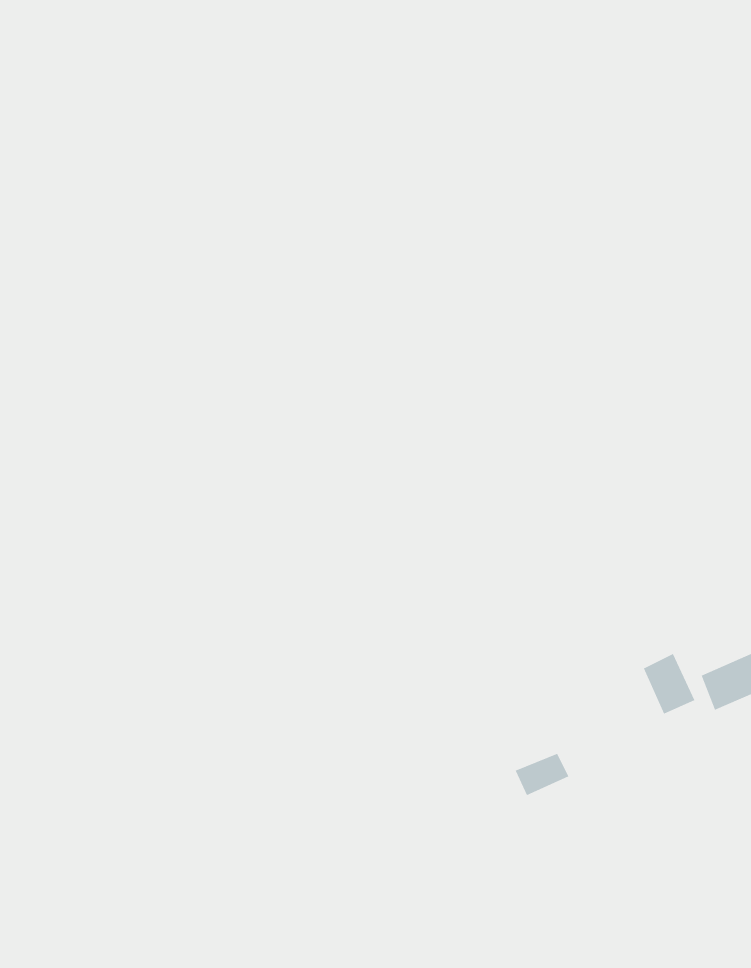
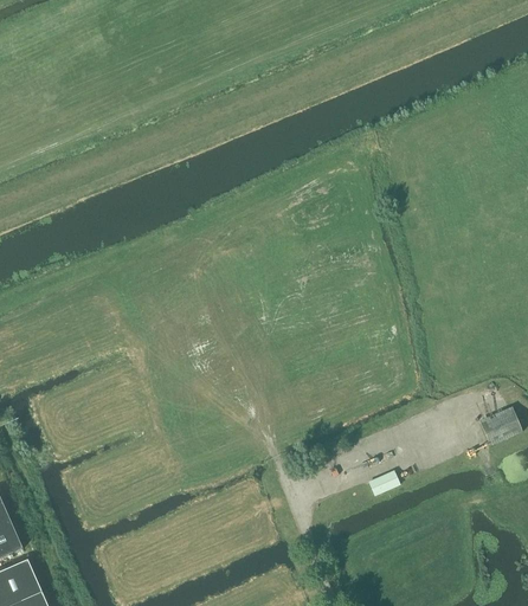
building: [643,653,695,715] -> none

